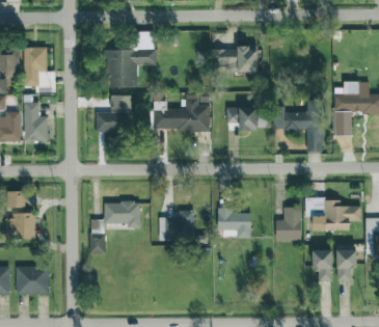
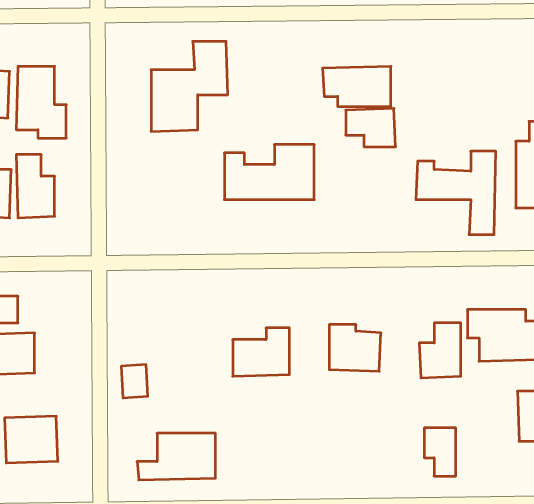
building: [96,94,132,133] -> none
building: [227,106,259,130] -> [346,108,396,147]
building: [91,201,140,230] -> [137,433,215,480]
building: [313,250,332,280] -> [424,428,456,476]

